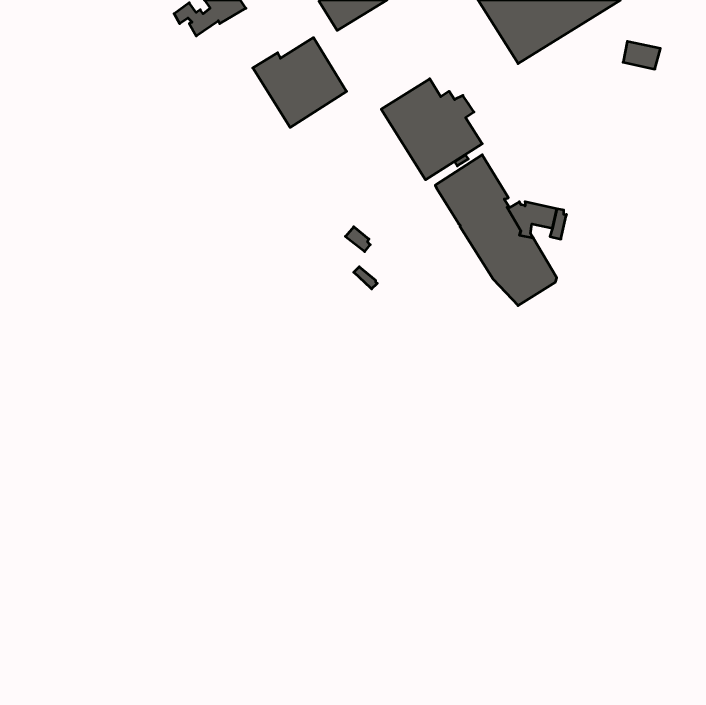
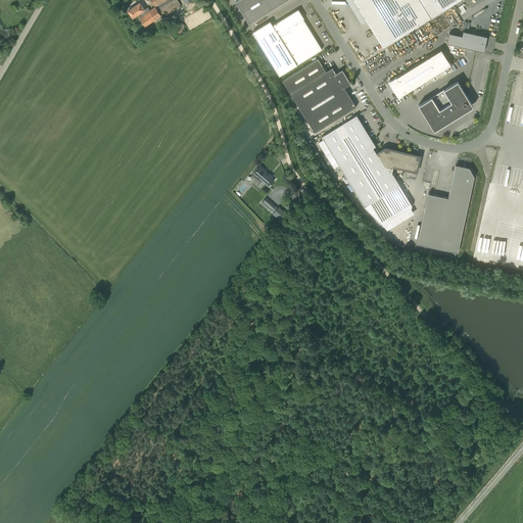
building: [253,38,347,127] -> [252,10,322,77]
building: none -> [388,55,444,98]
building: none -> [419,83,468,131]
building: none -> [418,165,474,253]

